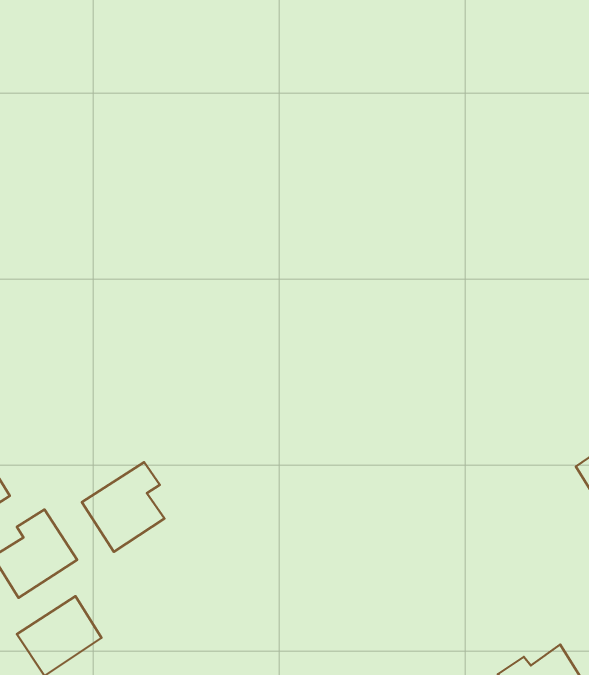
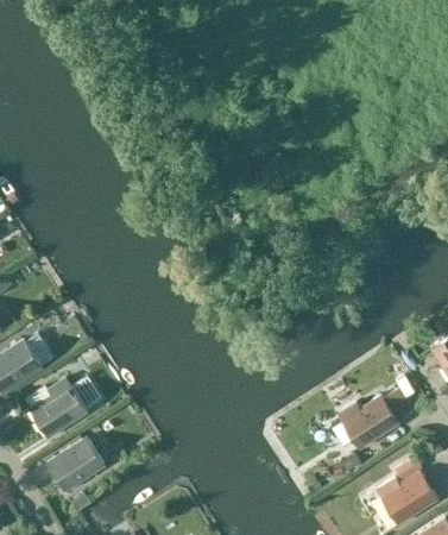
building: [82,462,165,552] -> none
building: none -> [337,389,412,448]

